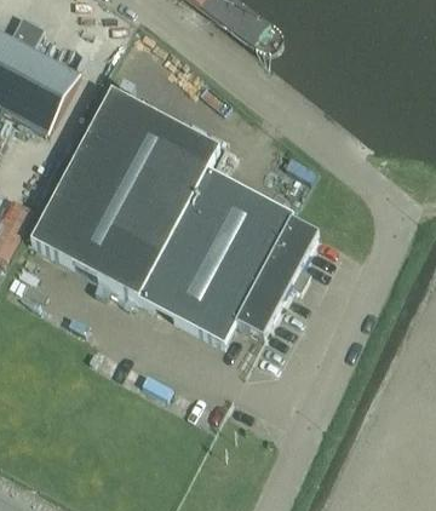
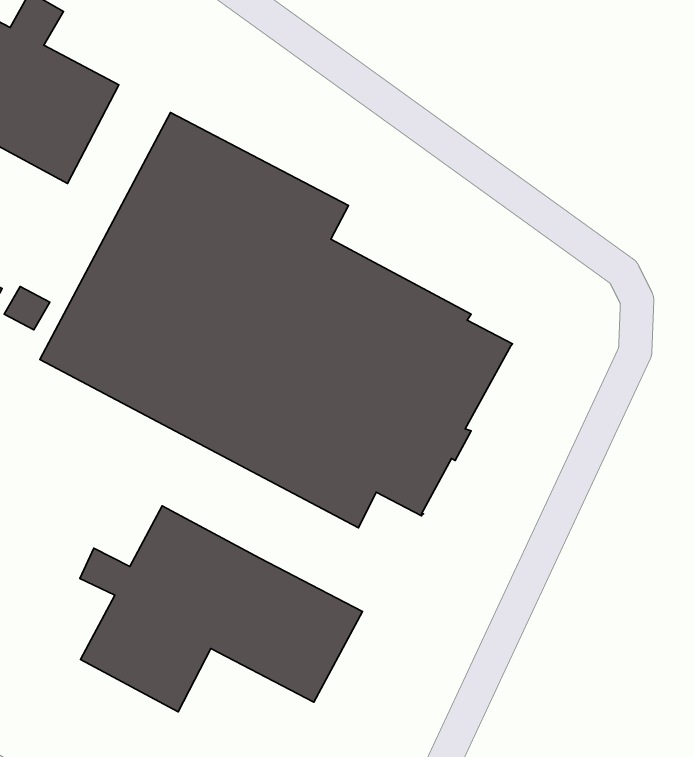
building: none -> [80,506,363,712]

